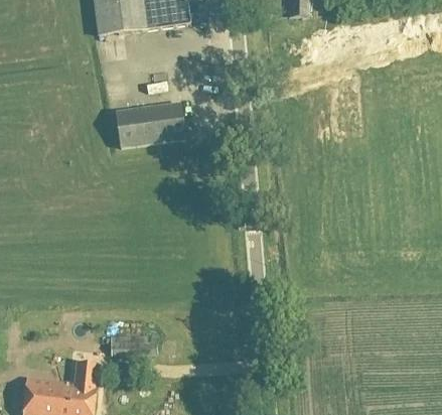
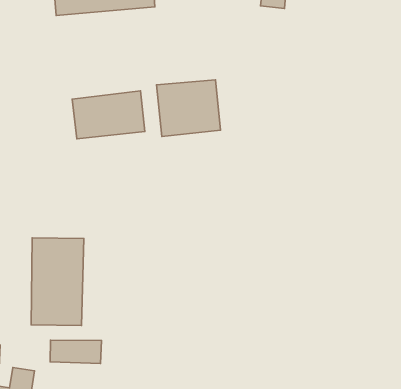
building: none -> [156,80,221,137]
building: none -> [31,238,84,326]

